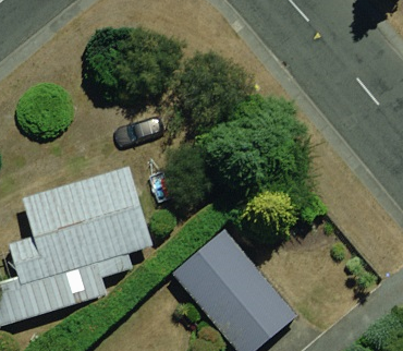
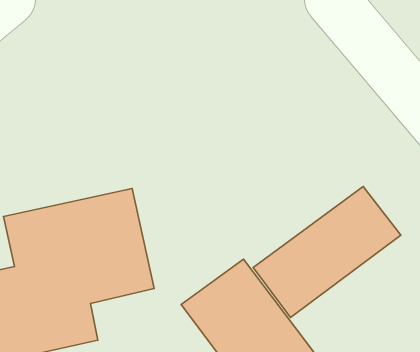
building: none -> [253,186,401,317]

